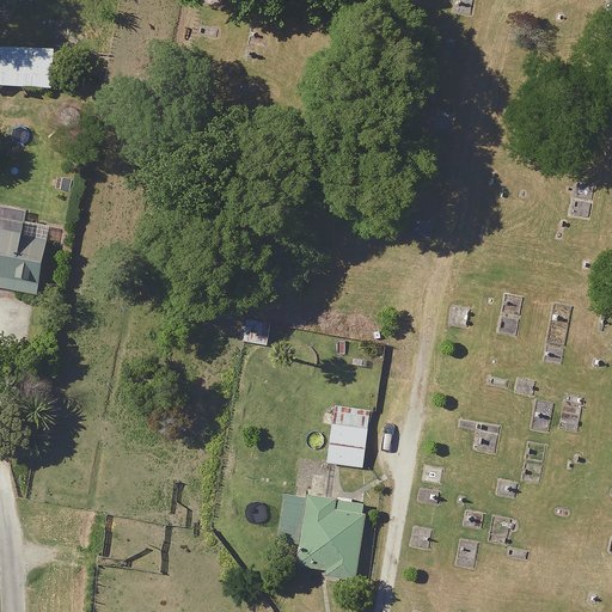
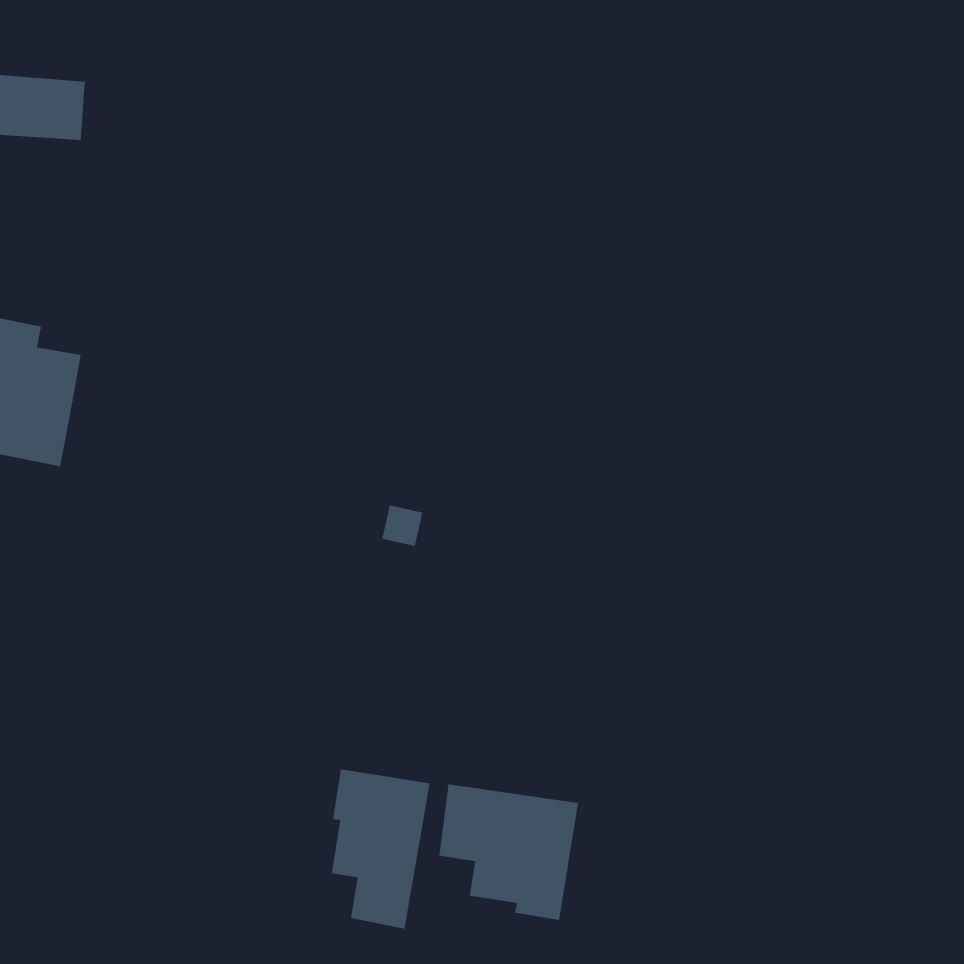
building: [325,404,366,466] -> none
building: none -> [331,769,430,930]

